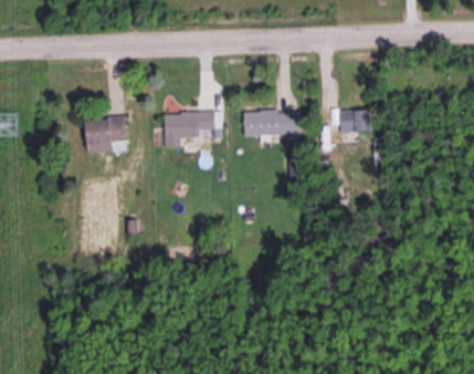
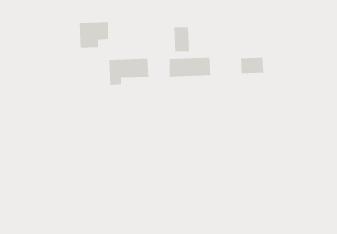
building: none -> [174,26,190,52]
building: [85,117,125,153] -> [79,22,109,48]

